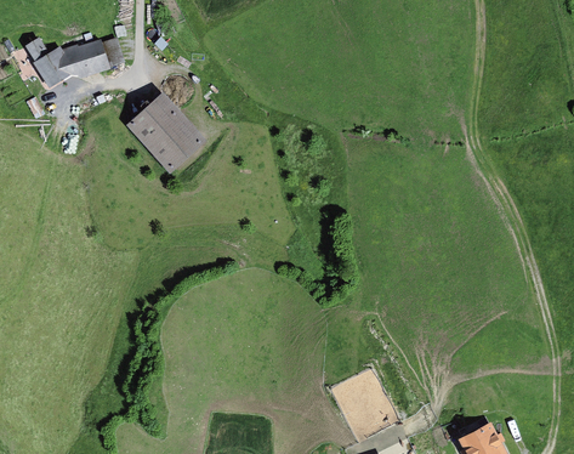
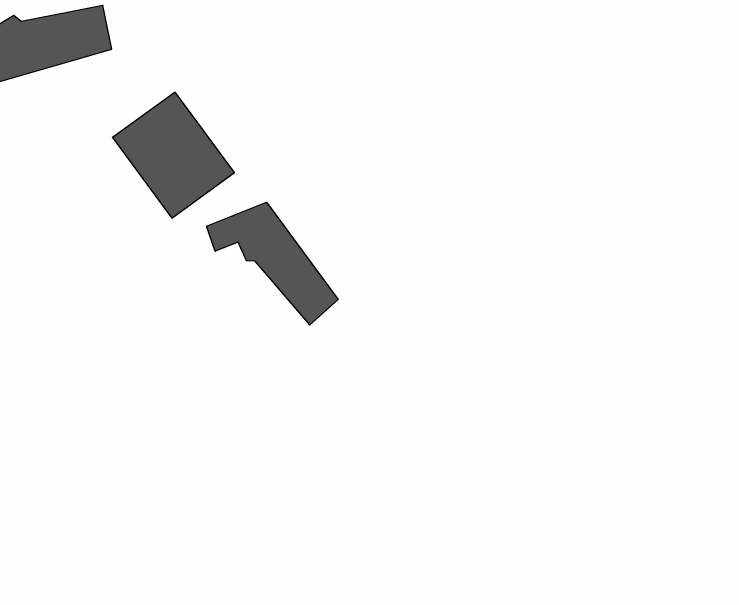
building: none -> [207,202,338,325]

